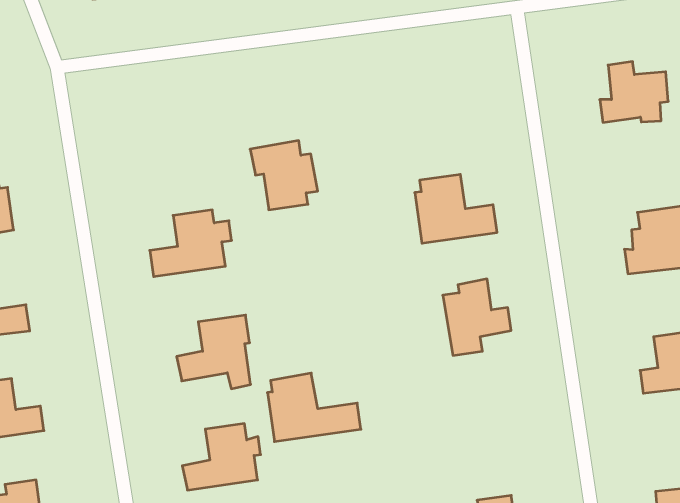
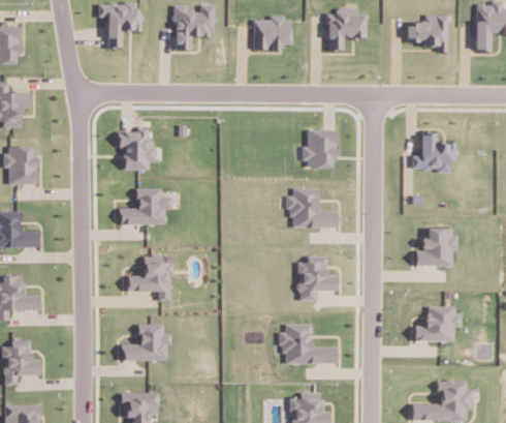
building: none -> [303,129,337,168]
building: [250,141,318,210] -> [118,129,156,170]
building: [267,373,361,442] -> [282,324,337,363]

